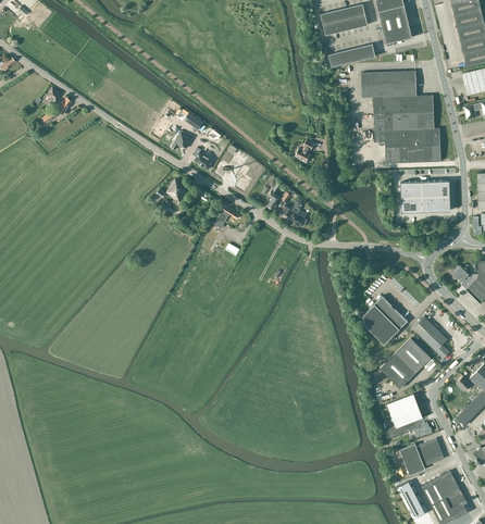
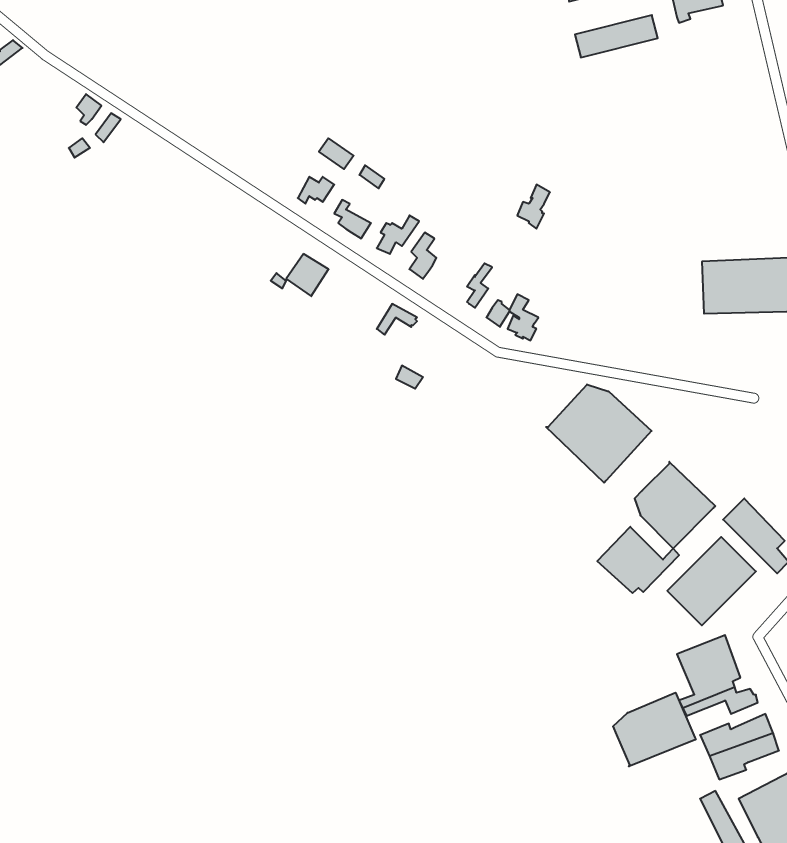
building: [360,71,440,163] -> none
building: none -> [546,384,652,483]
building: none -> [597,527,679,593]
building: none -> [613,693,696,766]

